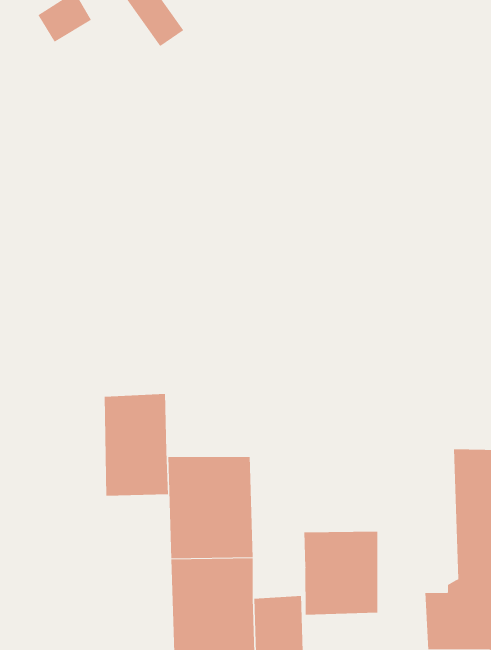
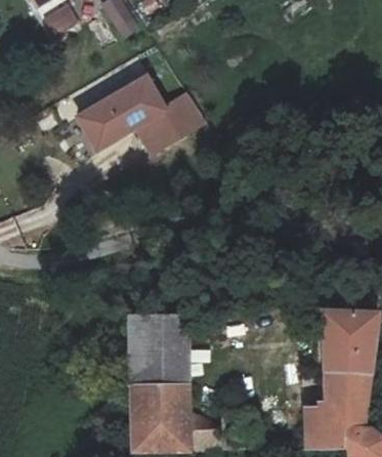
building: none -> [70,73,207,156]
building: [104,393,169,497] -> none
building: [304,531,378,615] -> none

